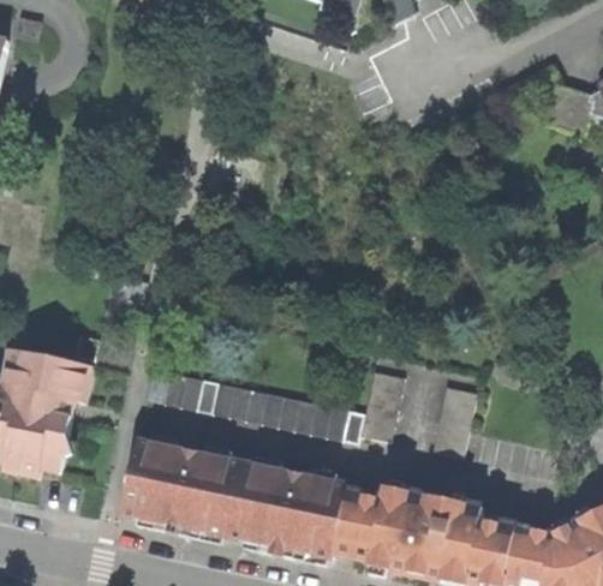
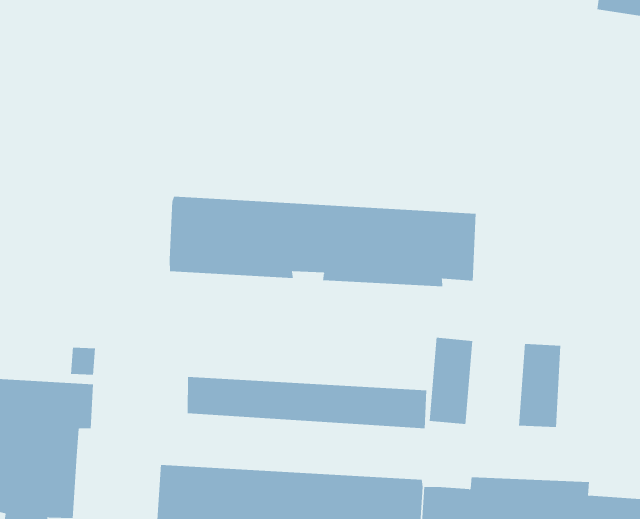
building: none -> [169,196,476,287]

